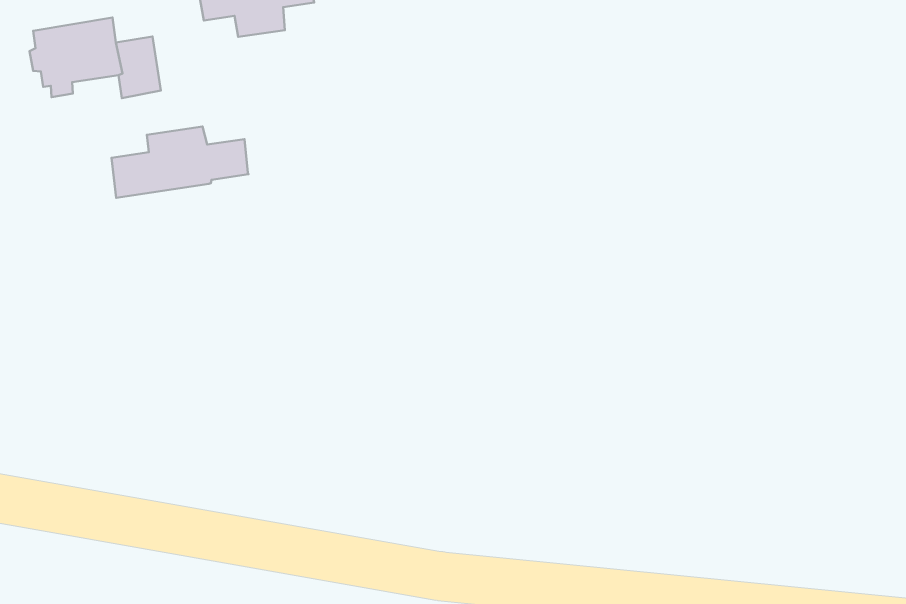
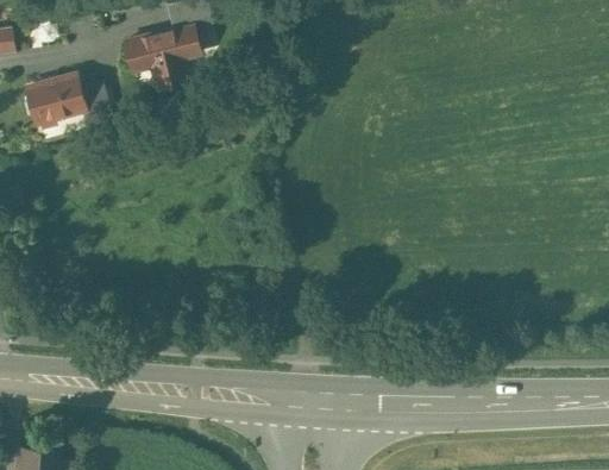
building: [112,126,249,198] -> none

